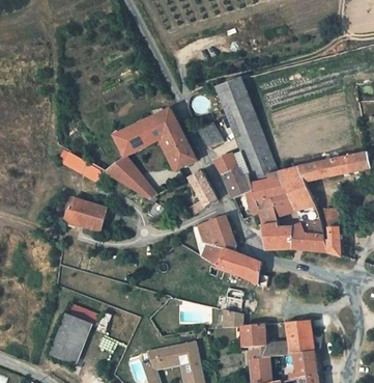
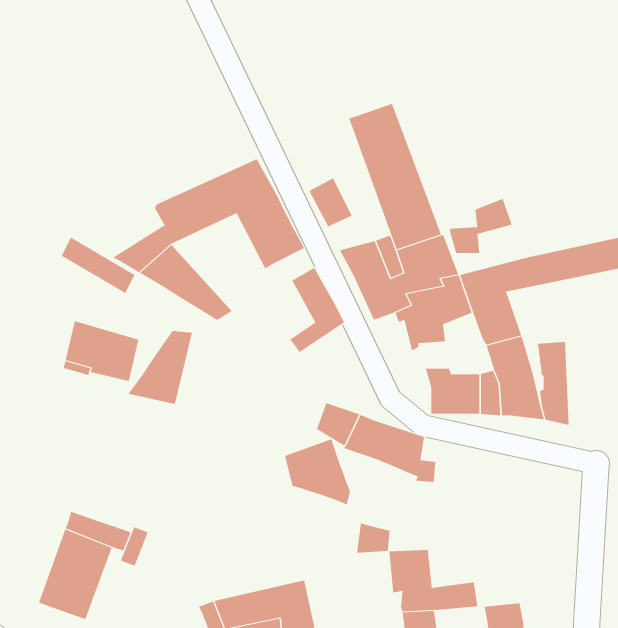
building: [258,194,292,224] -> [450,198,513,253]
building: none -> [128,330,192,405]
building: [199,216,235,252] -> [284,439,351,505]
building: [285,321,313,354] -> none

